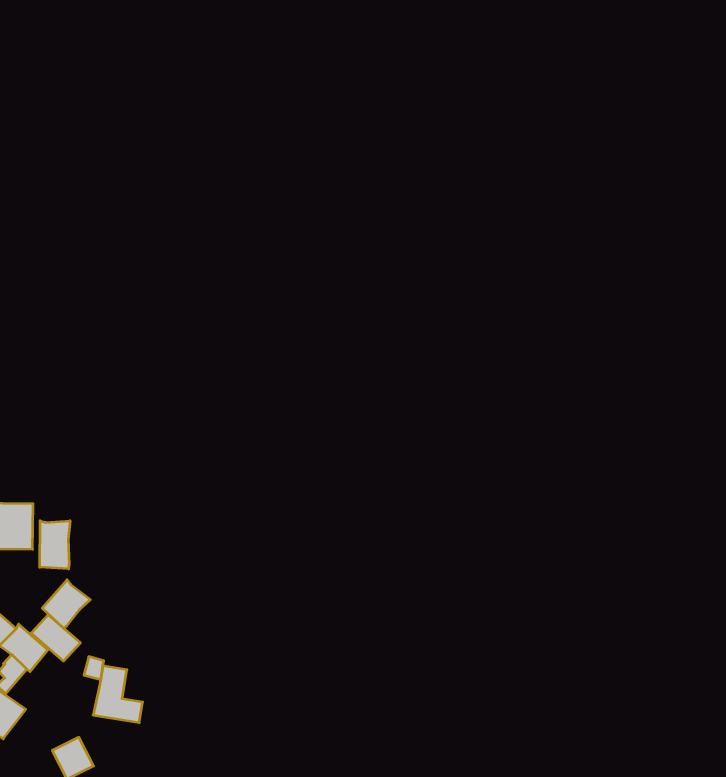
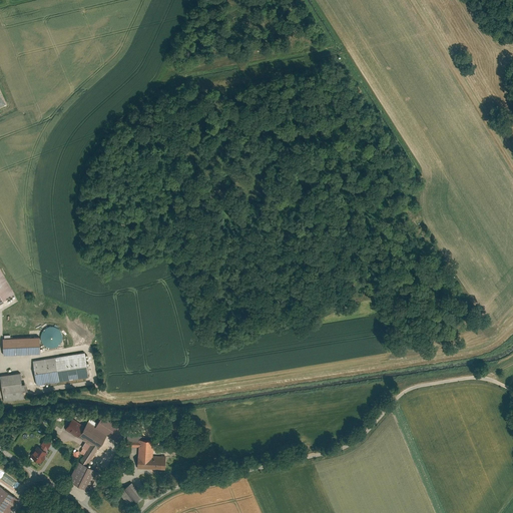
building: [40,521,70,569] -> none
building: [42,580,90,629] -> none

